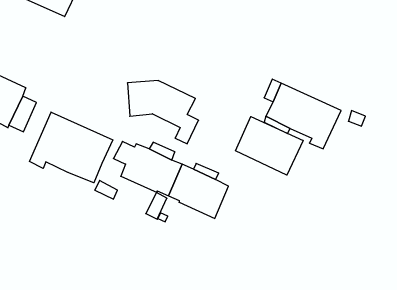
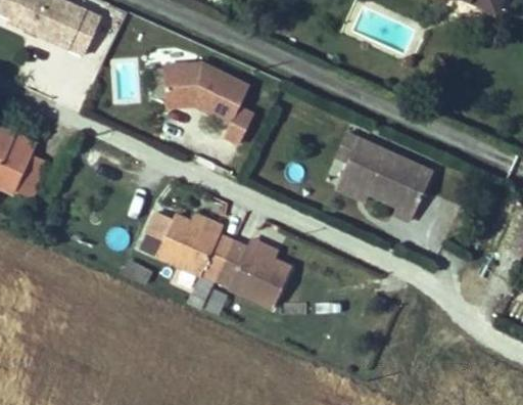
building: [127,81,199,144] -> [163,62,253,142]
building: [29,112,113,183] -> none
building: [235,117,303,175] -> none

